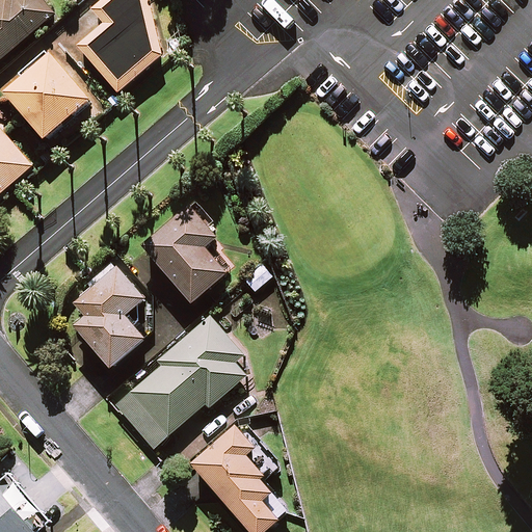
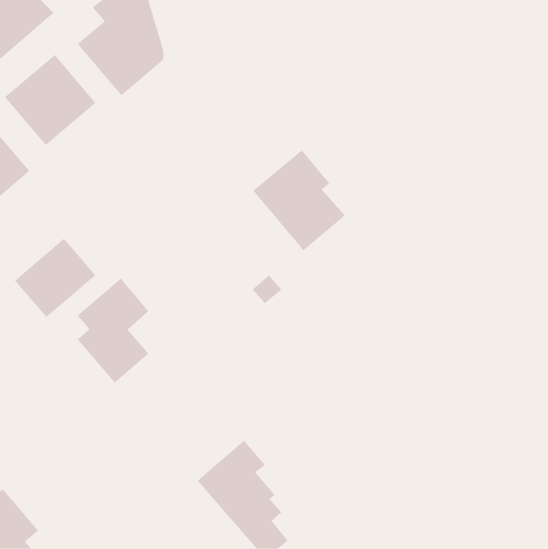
building: [141,206,231,303] -> [252,150,345,251]
building: none -> [14,238,96,318]
building: [114,315,243,448] -> none

